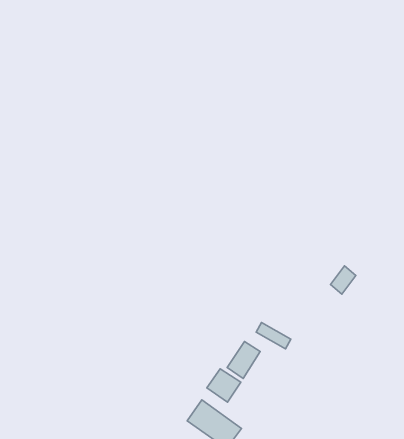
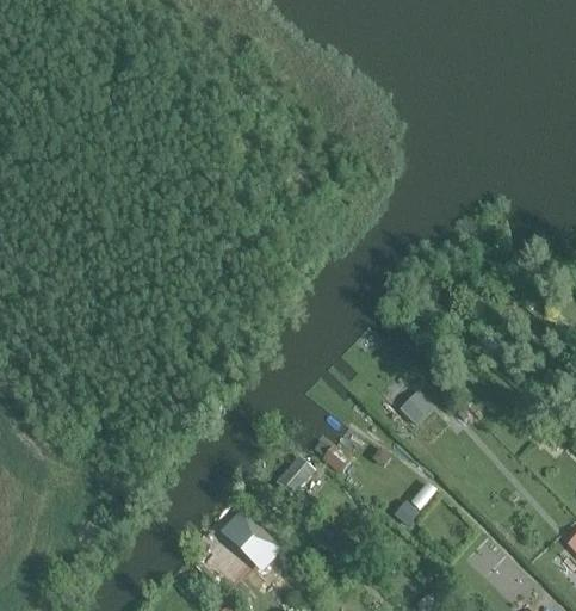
building: [207,369,241,402] -> none

